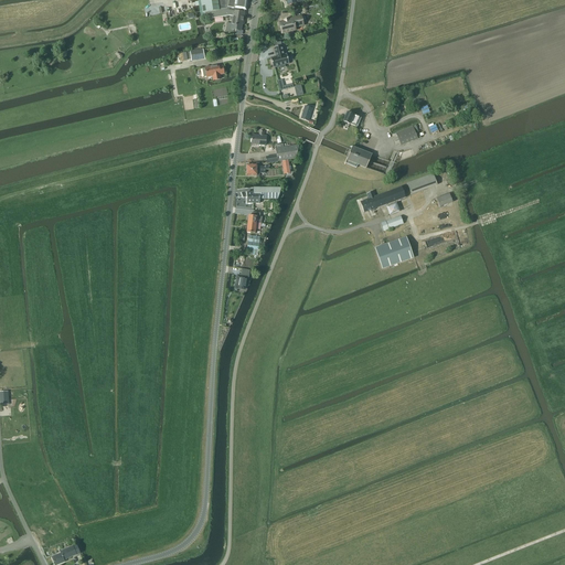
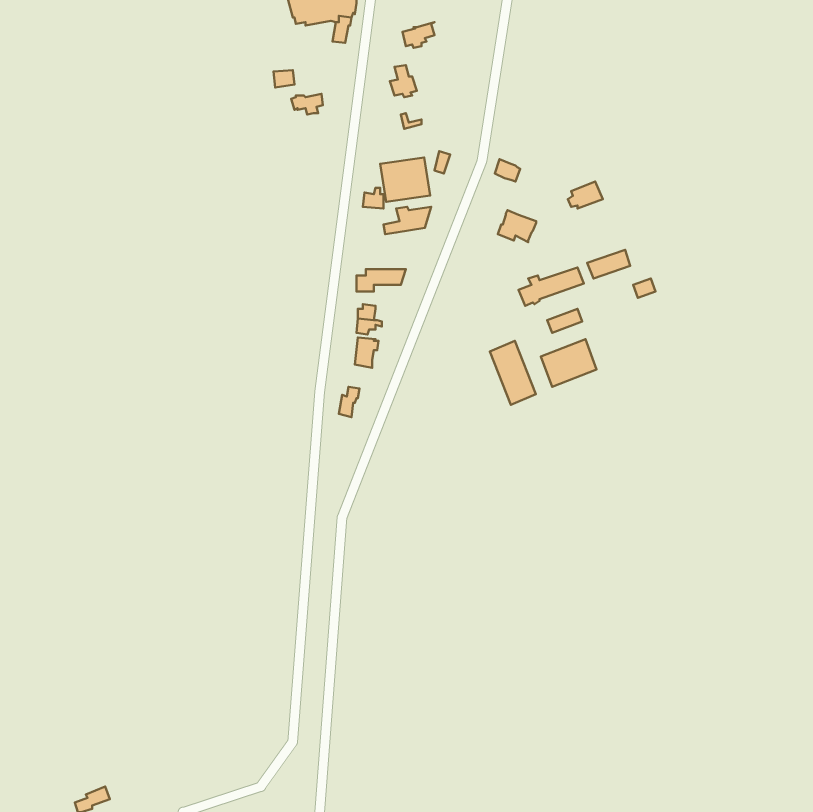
building: none -> [380,157,430,202]
building: none -> [490,341,536,405]

